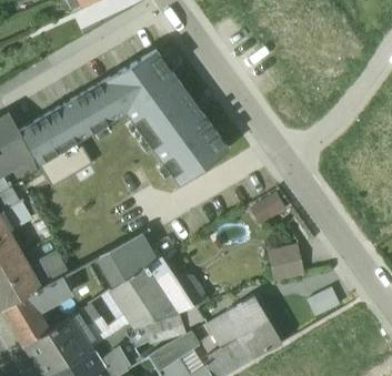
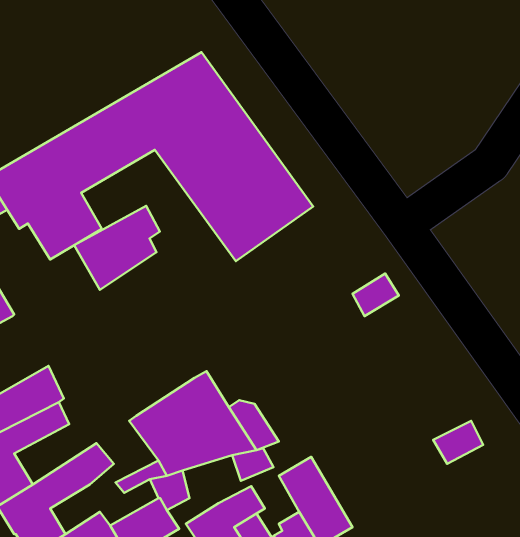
building: [98,232,153,286] -> [74,206,160,290]
building: [270,247,302,280] -> none
building: [228,297,282,358] -> none
building: [144,312,182,339] -> none

